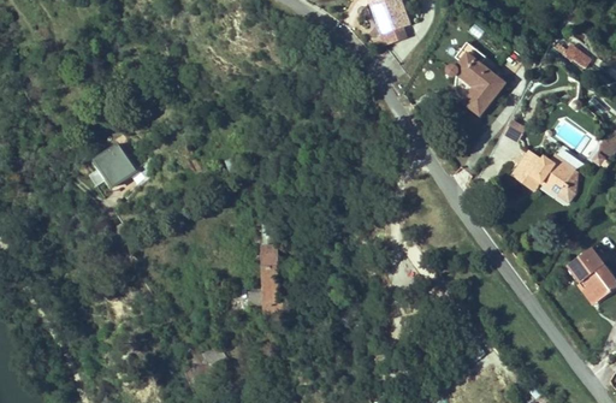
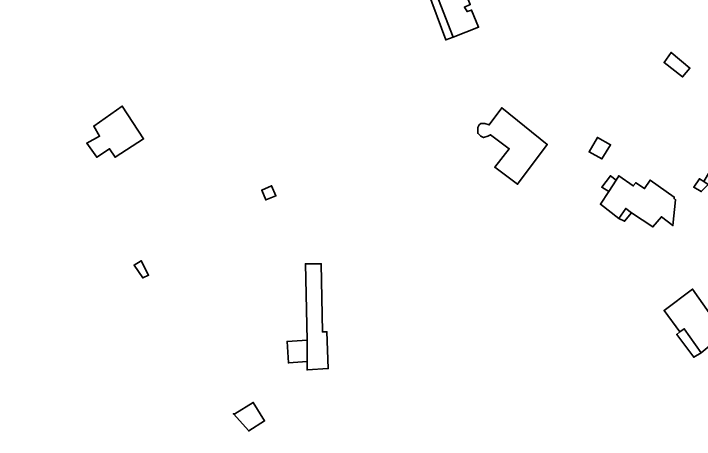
building: [446,47,505,112] -> [478,108,547,184]
building: [88,143,136,186] -> [87,106,143,157]

